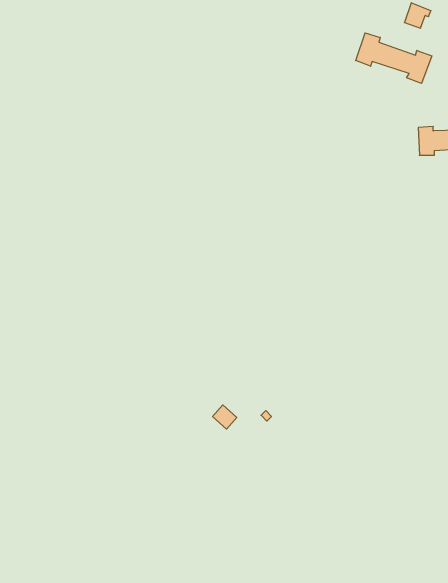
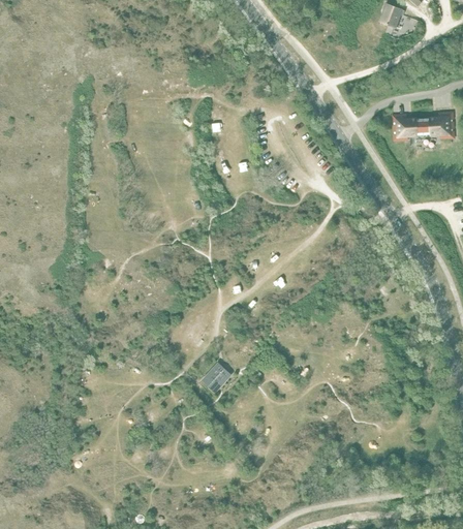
building: [356,33,432,83] -> none

